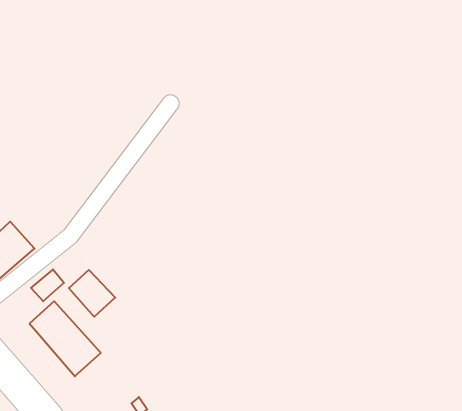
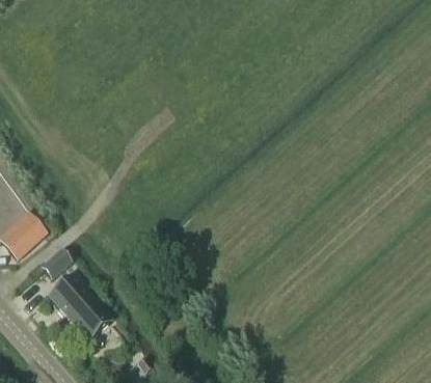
building: [69,270,115,317] -> none

